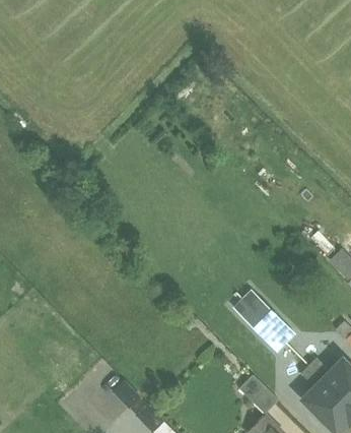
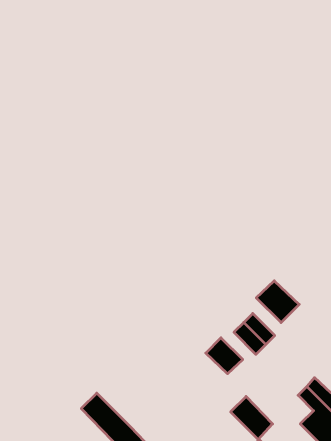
building: none -> [256,281,299,323]
building: none -> [206,338,243,374]

